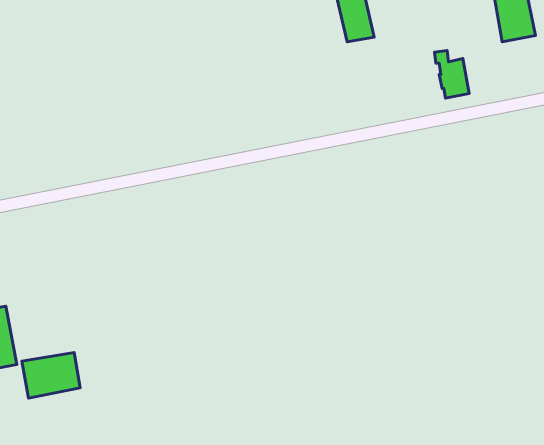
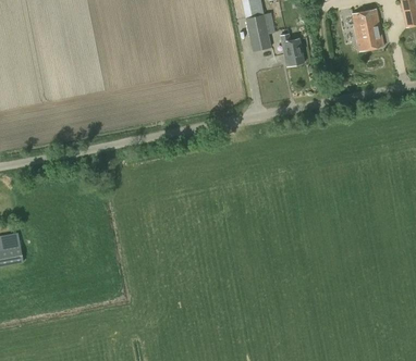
building: [434,51,469,98] -> [280,33,304,65]
building: [22,353,80,398] -> none

